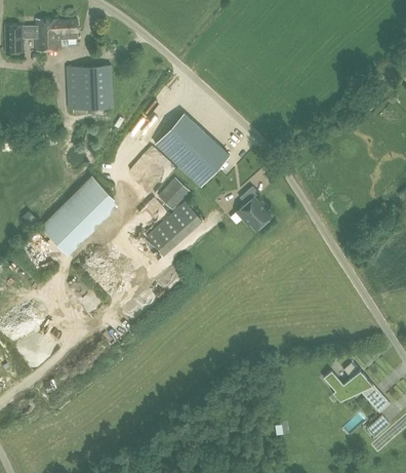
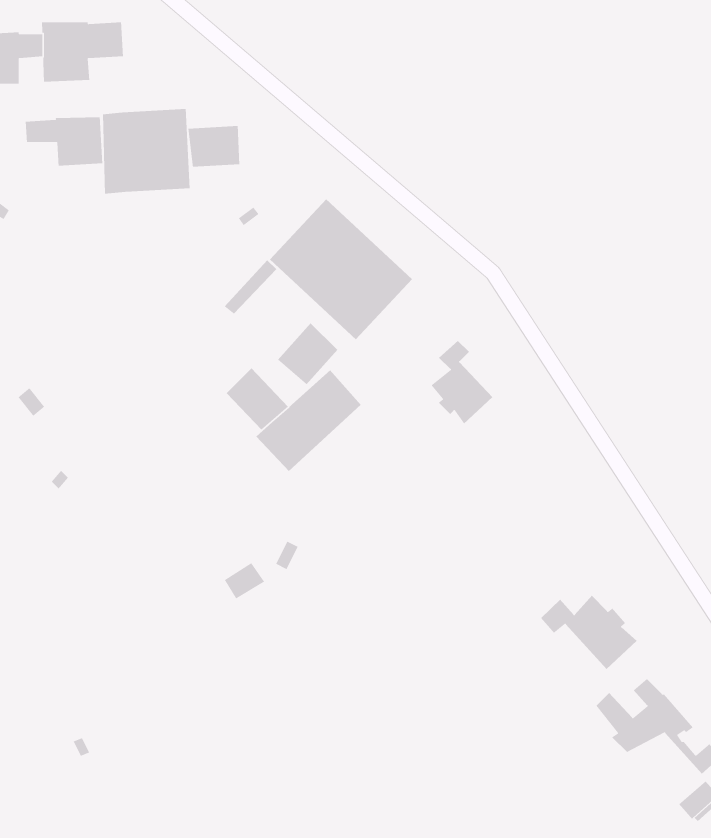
building: none -> [25,116,103,166]
building: none -> [188,125,240,167]
building: [40,174,120,255] -> none
building: none -> [540,595,638,670]

